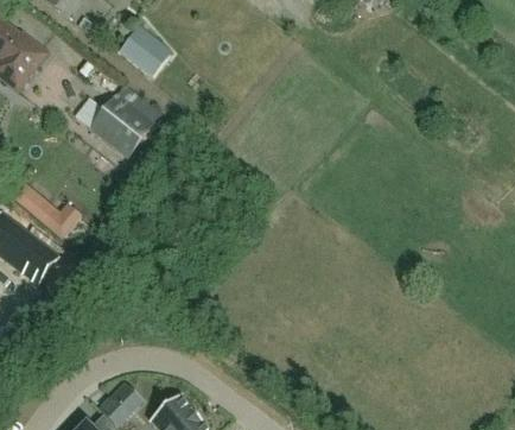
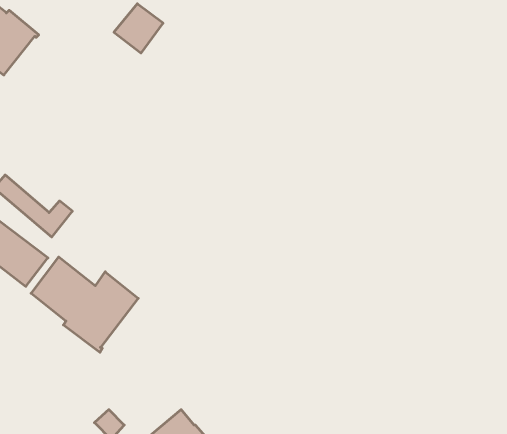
building: [89,94,153,158] -> none
building: none -> [31,257,138,352]

